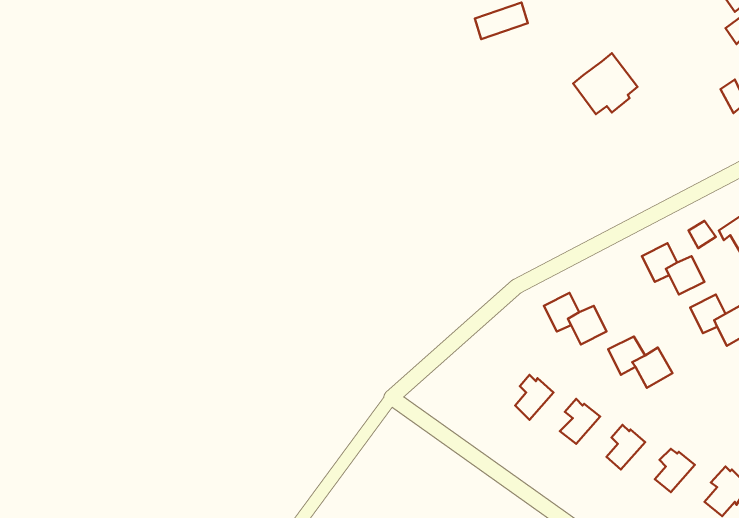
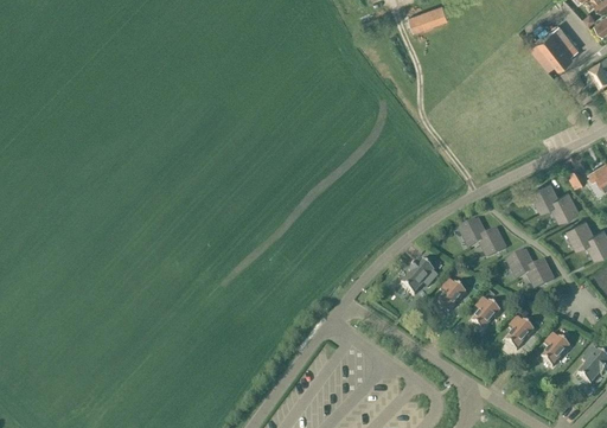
building: [573,53,637,114] -> [530,24,577,69]
building: none -> [401,258,437,293]

